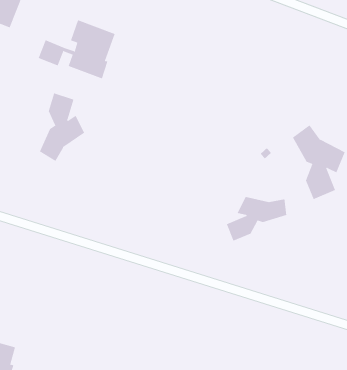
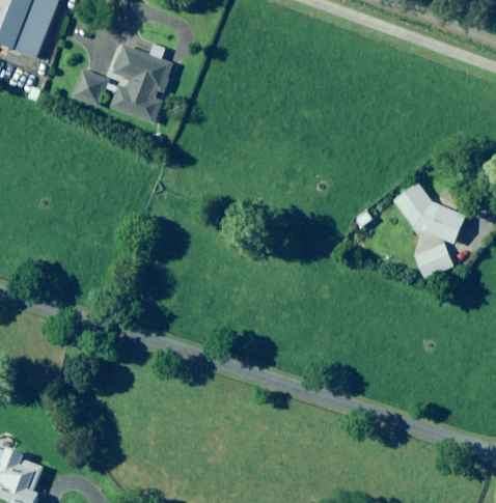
building: [39,93,85,162] -> none
building: [226,196,287,241] -> none

